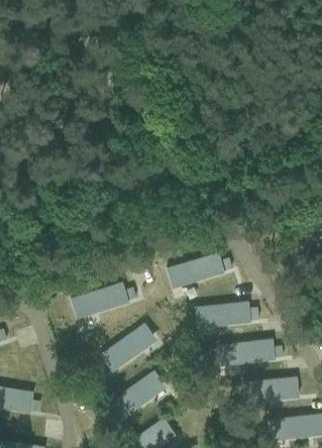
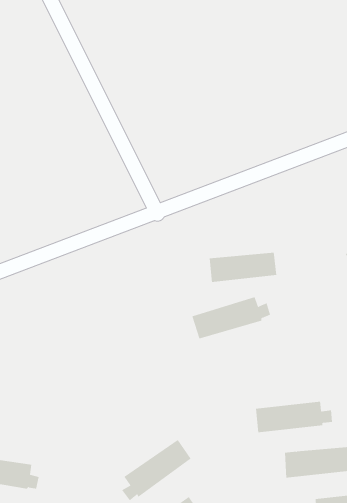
building: [71,283,137,318] -> none
building: [195,302,251,327] -> [209,252,277,283]
building: [101,323,157,371] -> none

